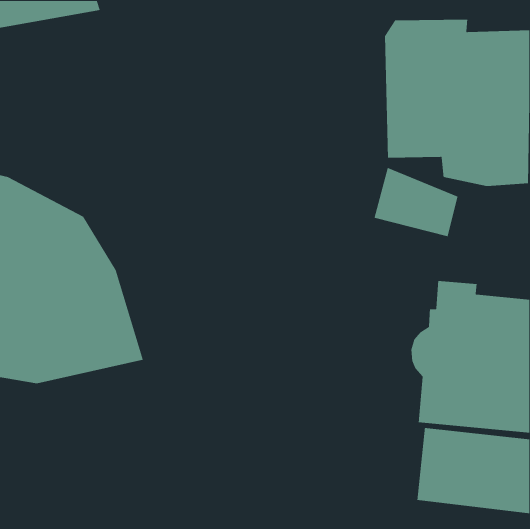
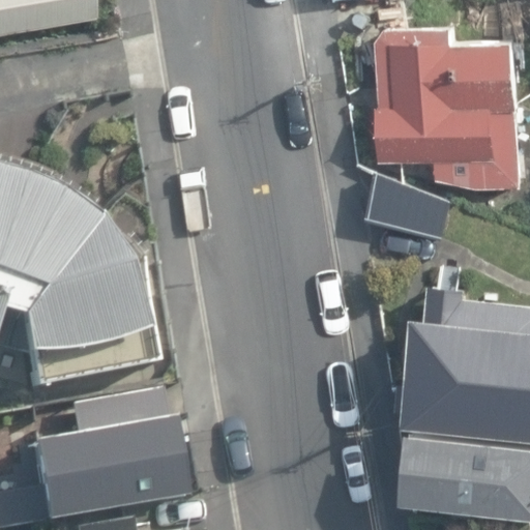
building: none -> [13,387,166,523]

